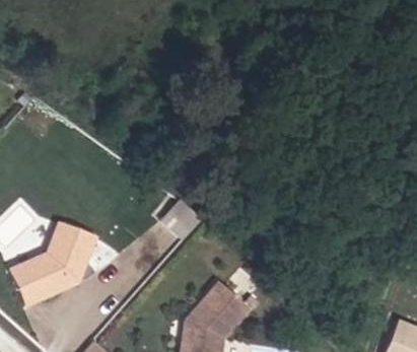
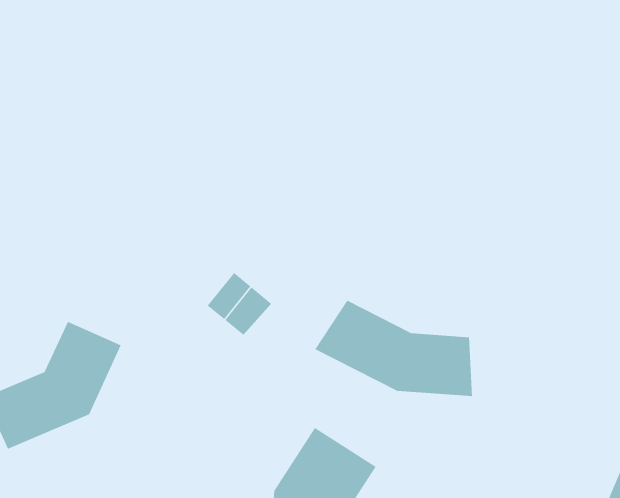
building: none -> [315,300,473,397]

